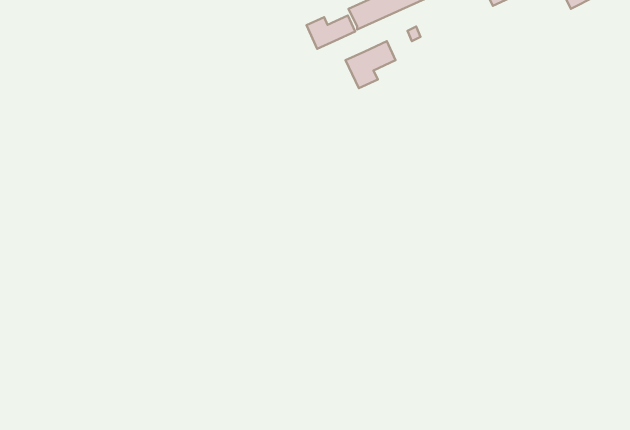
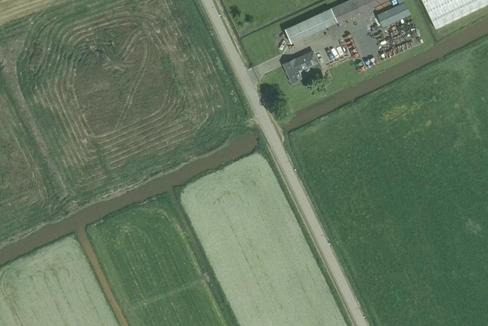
building: [307,15,355,49] -> none

